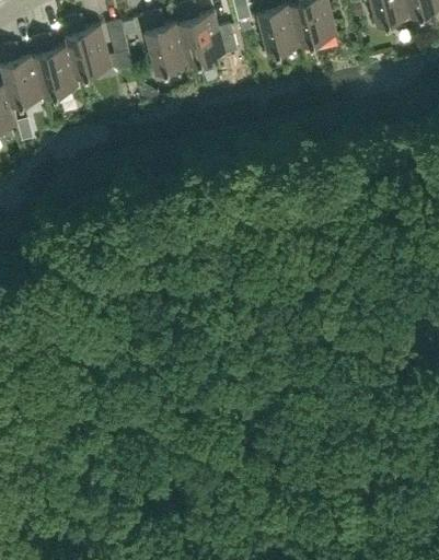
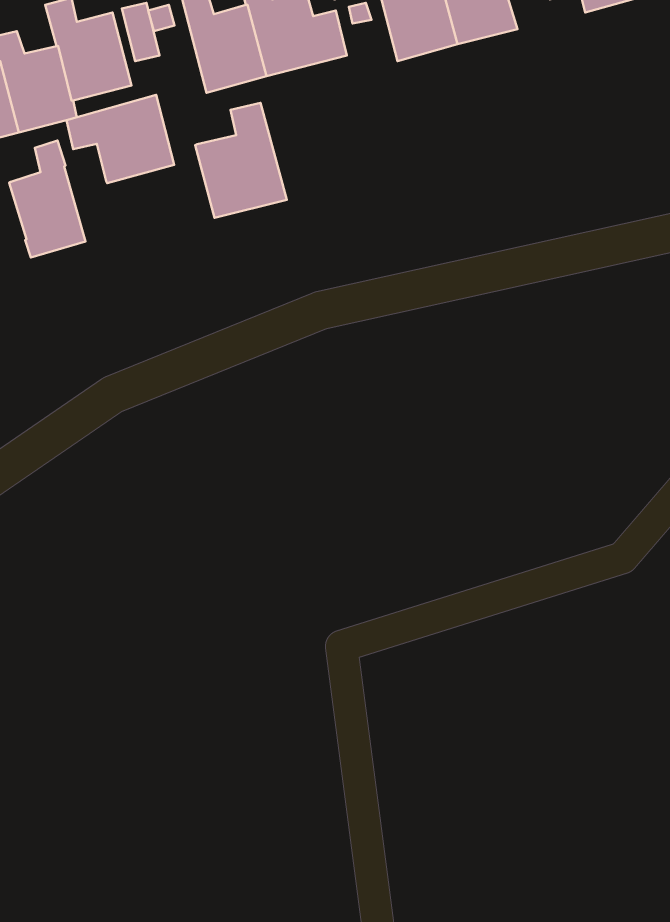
building: none -> [66,95,174,183]
building: none -> [195,103,287,218]
building: none -> [9,140,86,258]

